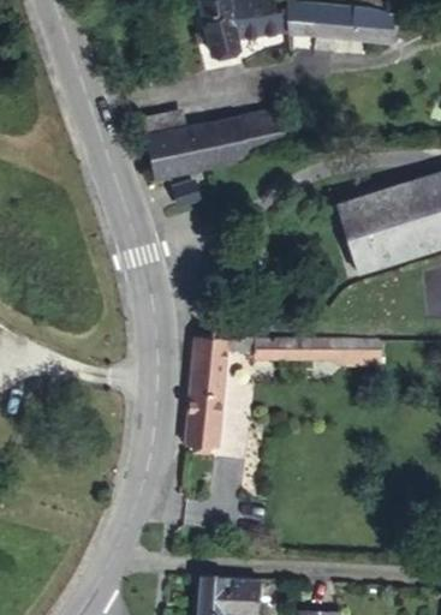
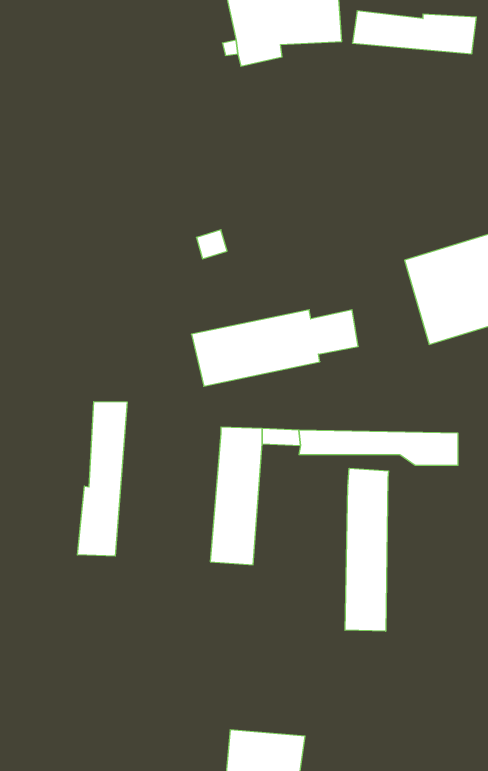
building: [145,118,276,178] -> [191,310,358,386]
building: none -> [77,402,127,556]
building: none -> [345,468,388,631]

